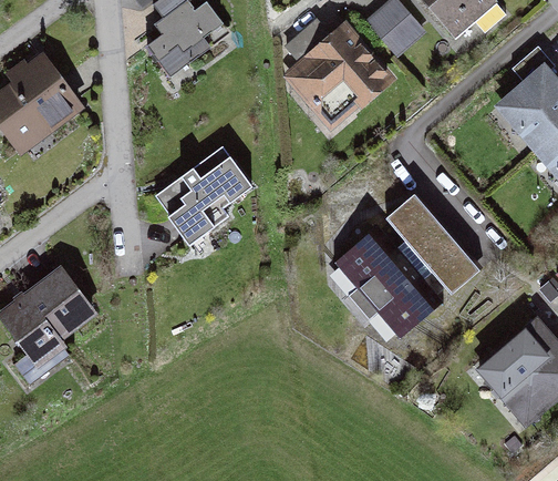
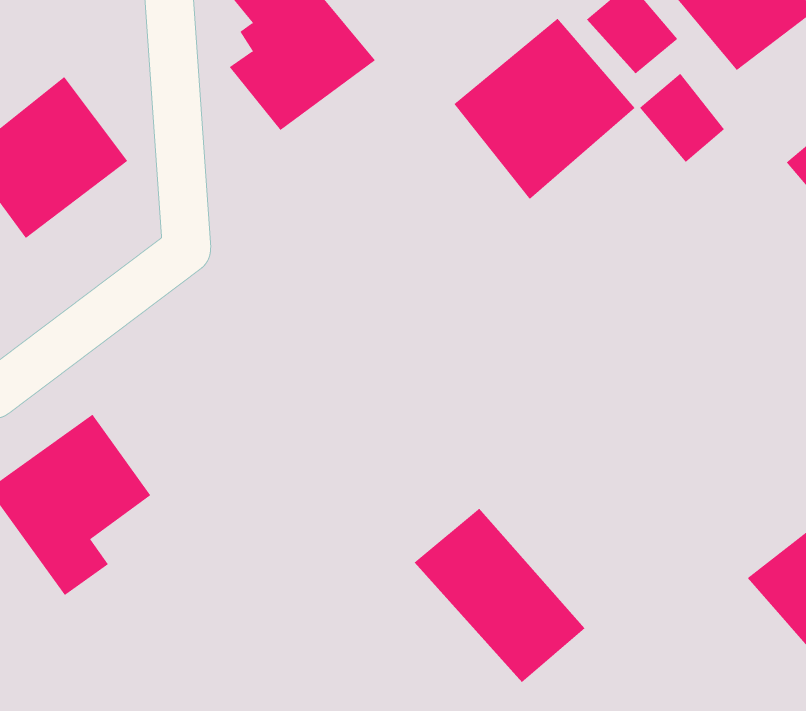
building: none -> [639,73,725,163]
building: [147,142,256,252] -> none
building: [385,198,475,293] -> none
building: [334,225,442,335] -> [414,508,585,683]

